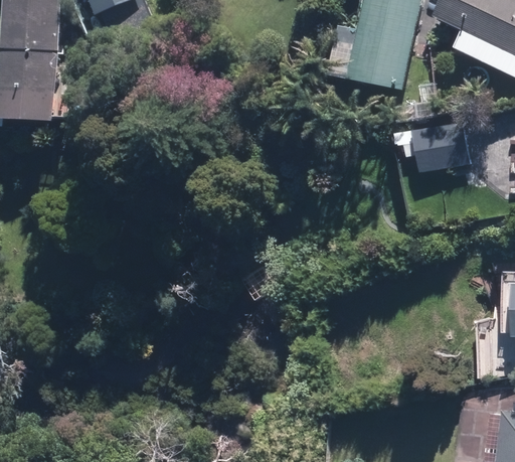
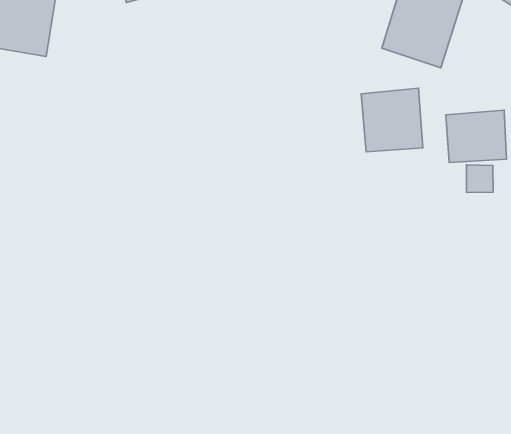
building: none -> [361,88,423,152]

